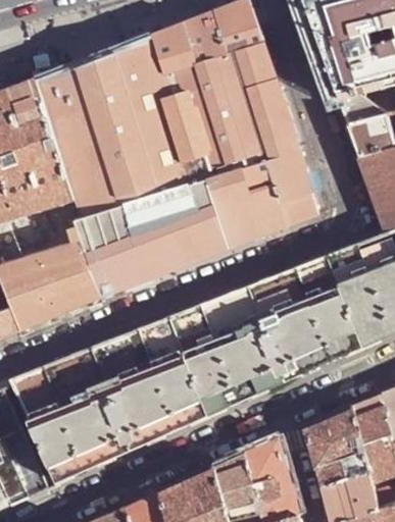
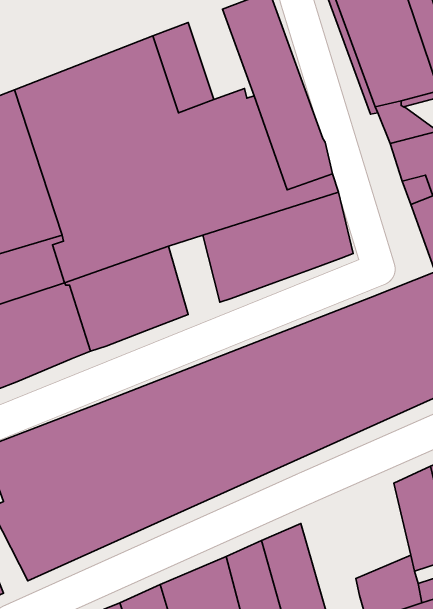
building: [182,12,237,88] -> none
building: [165,201,208,267] -> none
building: [305,408,367,487] -> none

